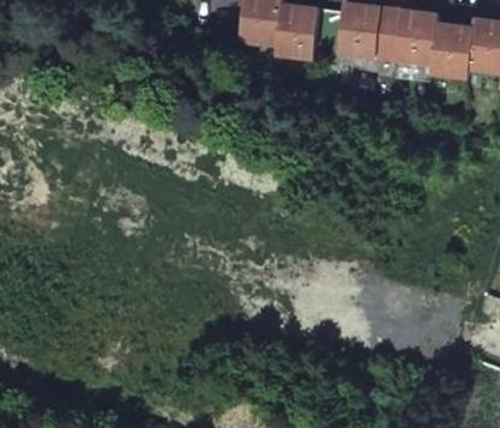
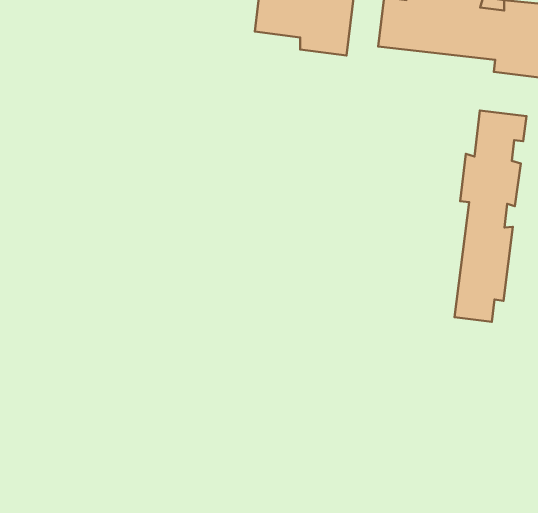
building: none -> [455,111,526,322]

